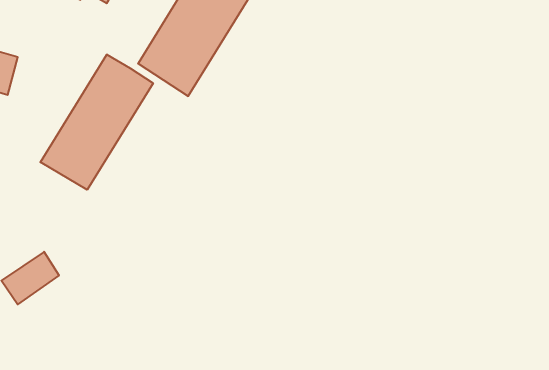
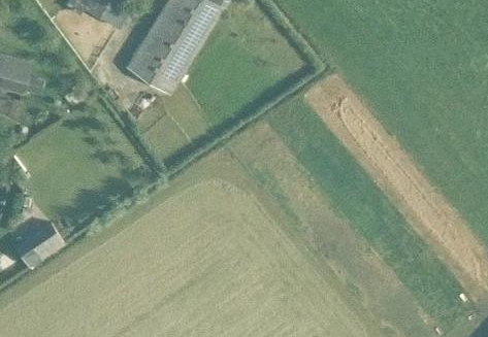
building: [40,54,153,190] -> none

